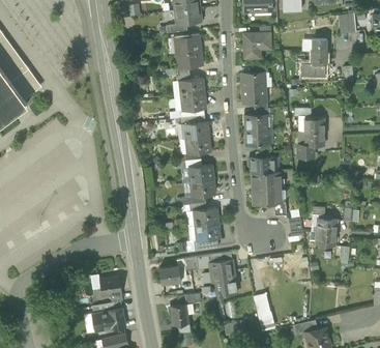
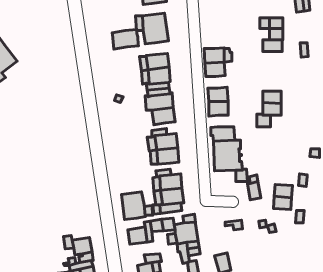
building: [243,32,270,58] -> none
building: none -> [112,30,138,49]
building: none -> [121,192,146,220]

